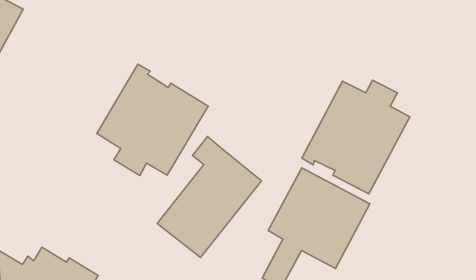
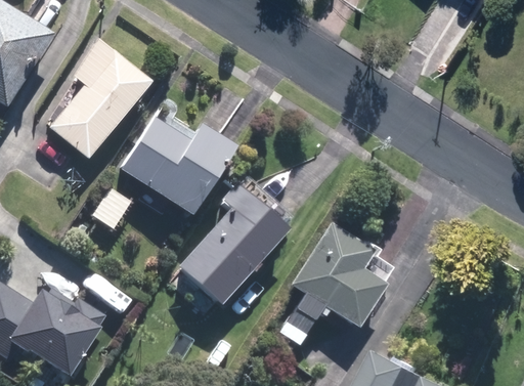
building: none -> [48,39,151,162]
building: [302,80,410,194] -> none

